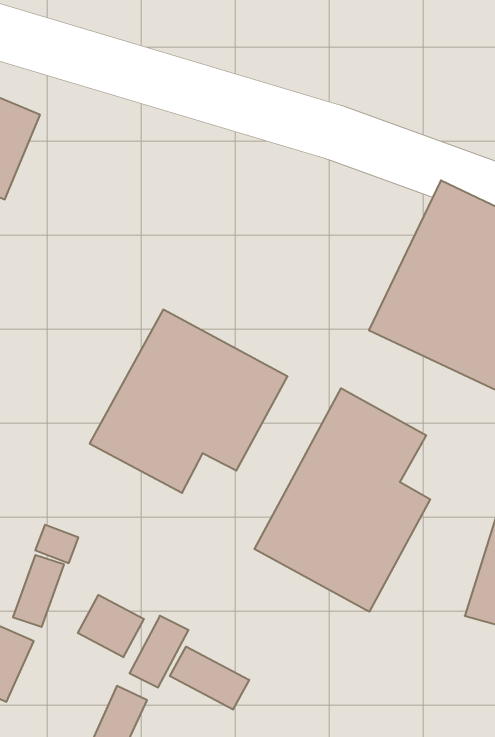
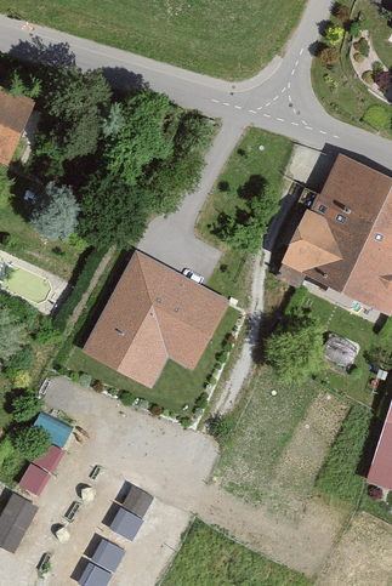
building: [254,388,430,612] -> none
building: [78,595,144,657] -> none
building: [170,647,249,710] -> none

